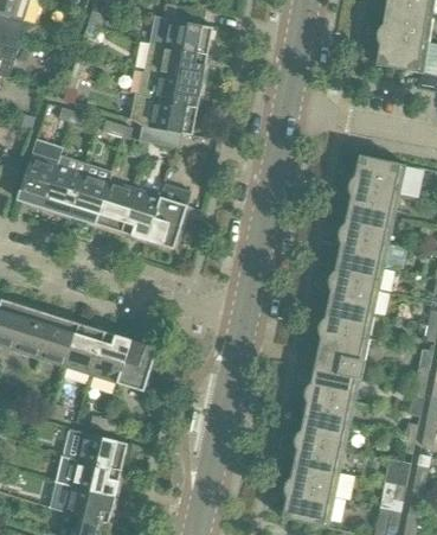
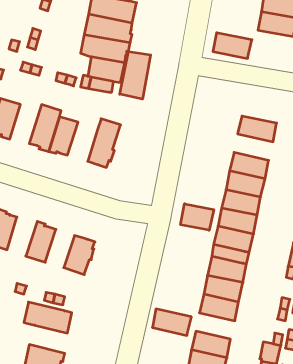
building: none -> [120,51,151,99]
building: [353,154,405,189] -> [213,33,252,58]
building: [43,155,85,216] -> none
building: [120,187,160,240] -> none
building: [342,203,394,238] -> none
building: none -> [181,204,214,230]
building: [39,314,79,367] -> none
building: [90,331,129,382] -> none
building: [291,442,343,478] -> [152,309,191,335]
building: [56,456,120,497] -> none

